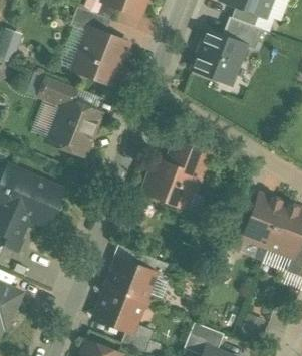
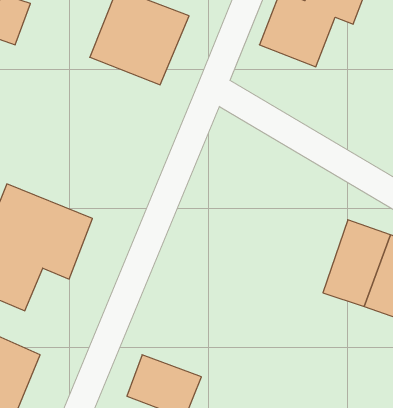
building: [31,69,108,160] -> none
building: [143,141,211,213] -> none
building: [104,257,159,304] -> none

